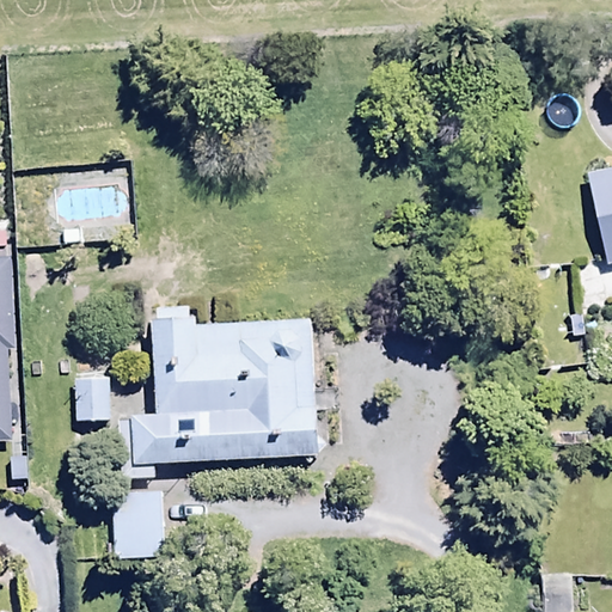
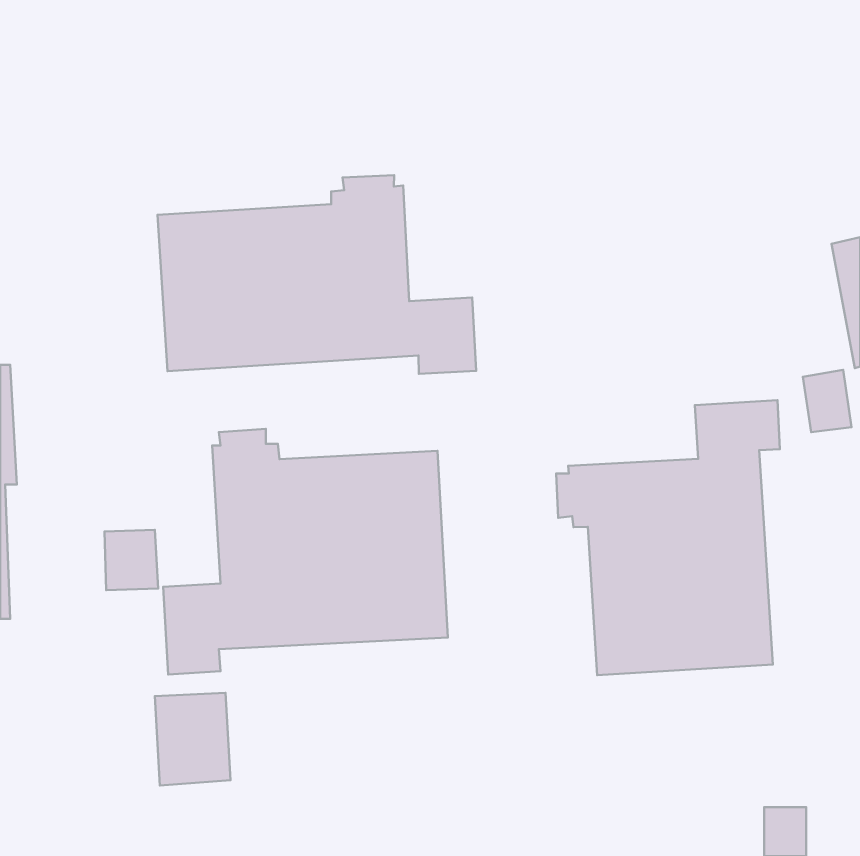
building: none -> [158,175,476,374]
building: none -> [556,400,780,675]

